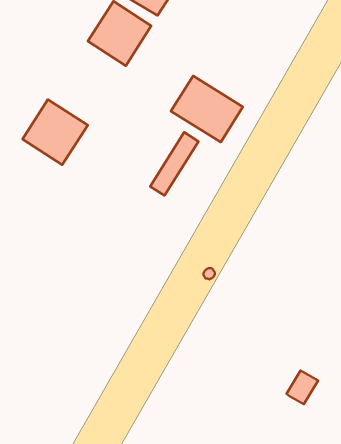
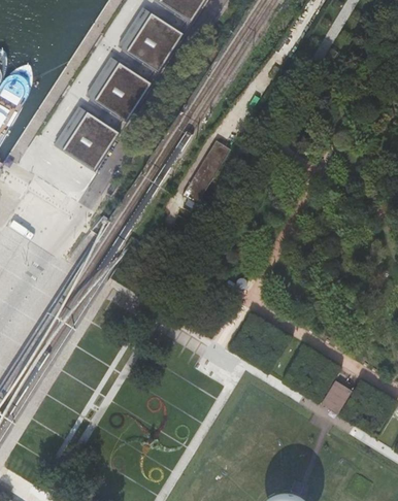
building: none -> [85,58,150,124]
building: [171,76,243,142] -> none

